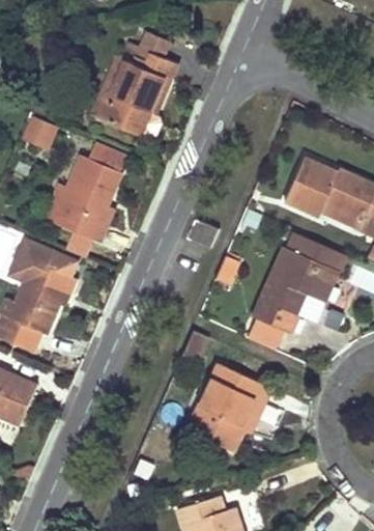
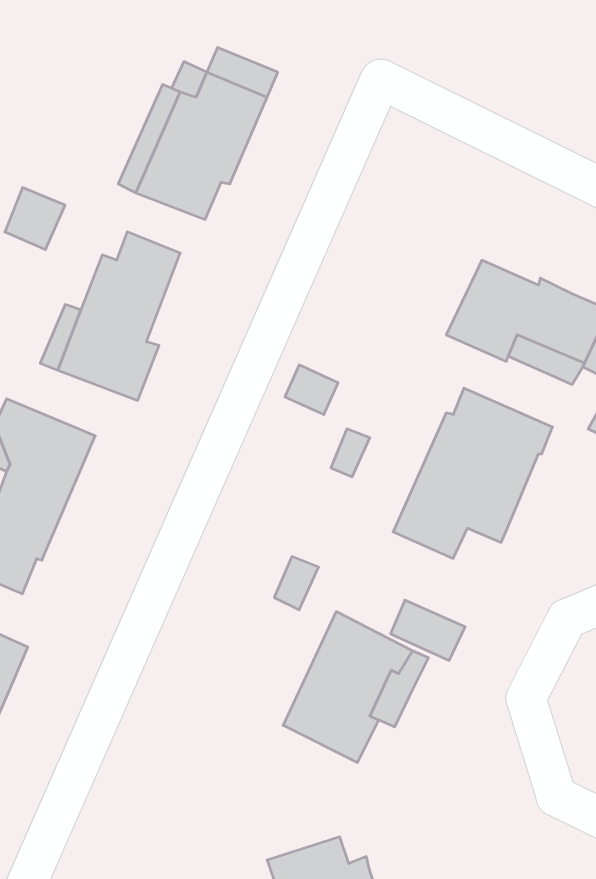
building: [243,316,287,352] -> [391,600,465,660]

